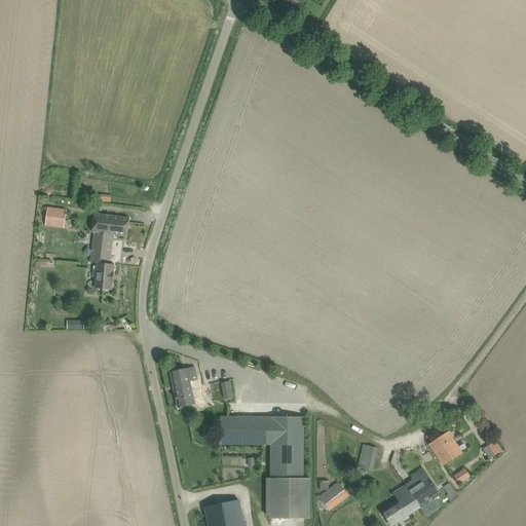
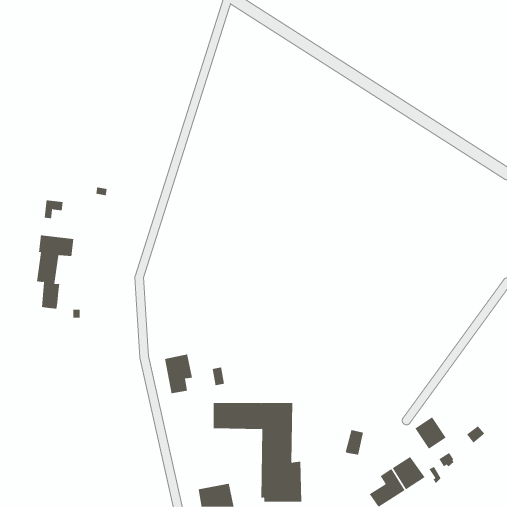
building: [89,213,128,290] -> [36,235,74,309]
building: [320,482,348,509] -> none

